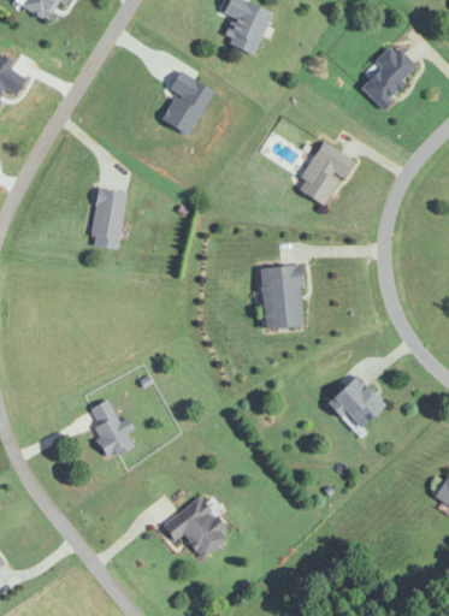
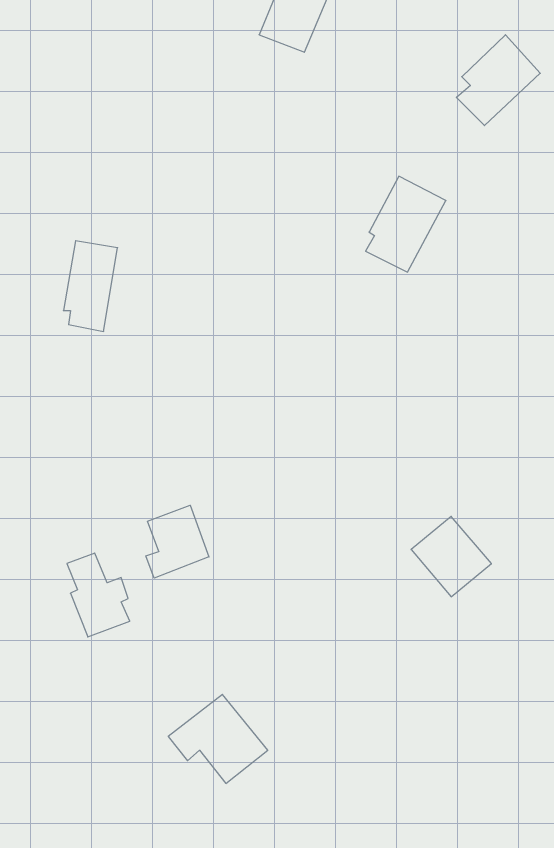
building: [160,67,214,132] -> none
building: [260,265,303,327] -> none
building: none -> [146,505,209,578]

